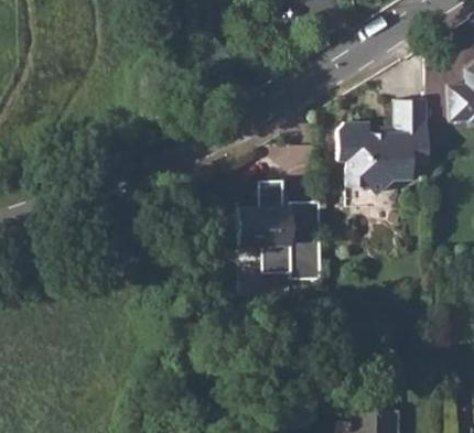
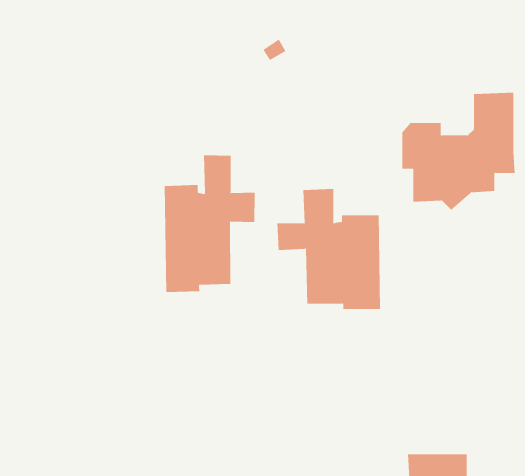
building: none -> [164,155,255,293]

